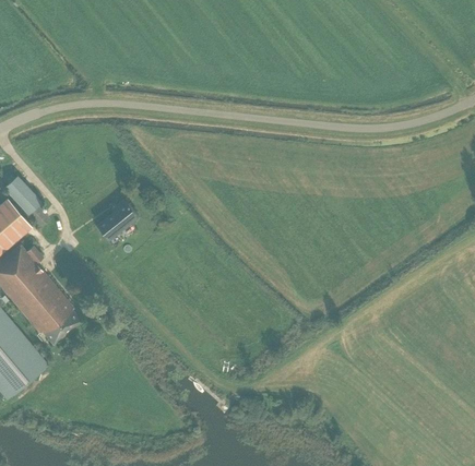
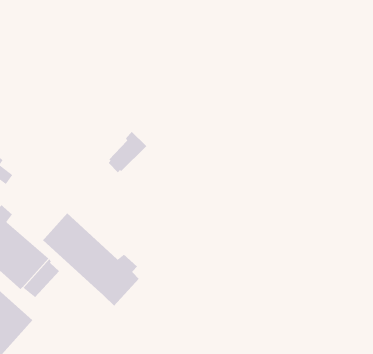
building: [97,200,139,240] -> [108,131,147,173]
building: none -> [42,213,140,306]

